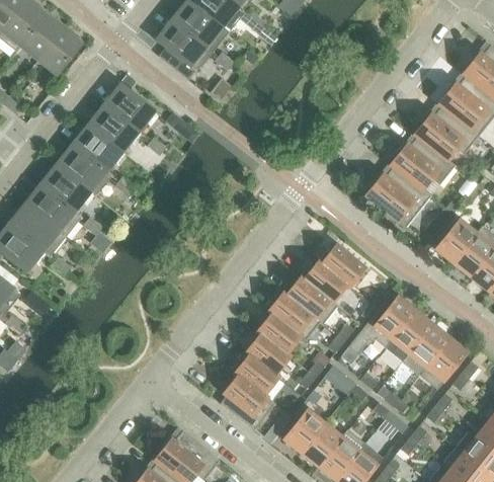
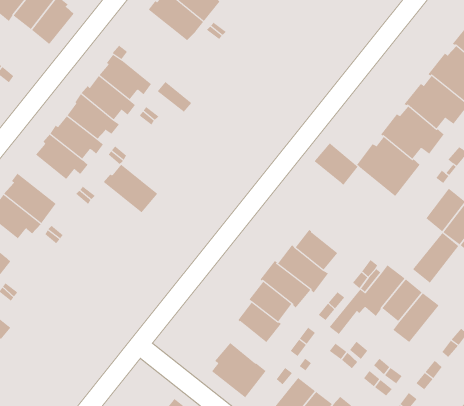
building: [24,185,80,235] -> [103,164,158,213]
building: [321,244,365,288] -> [314,143,359,186]
building: [419,337,467,389] -> [412,232,459,283]
building: [234,353,279,395] -> none

